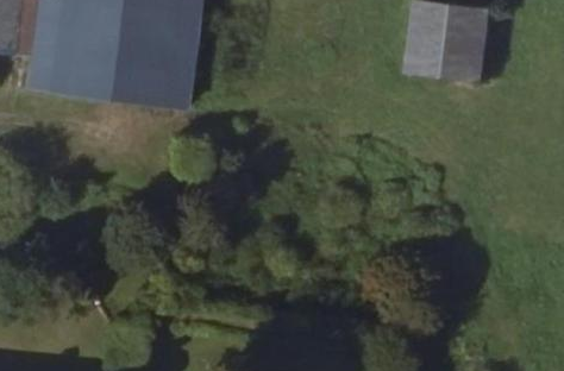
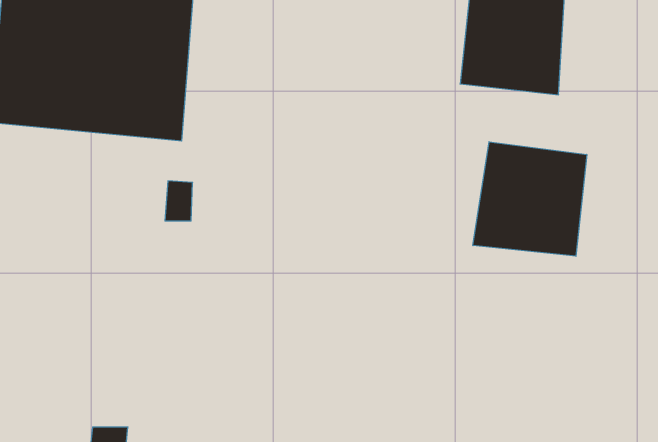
building: none -> [473,142,587,256]

